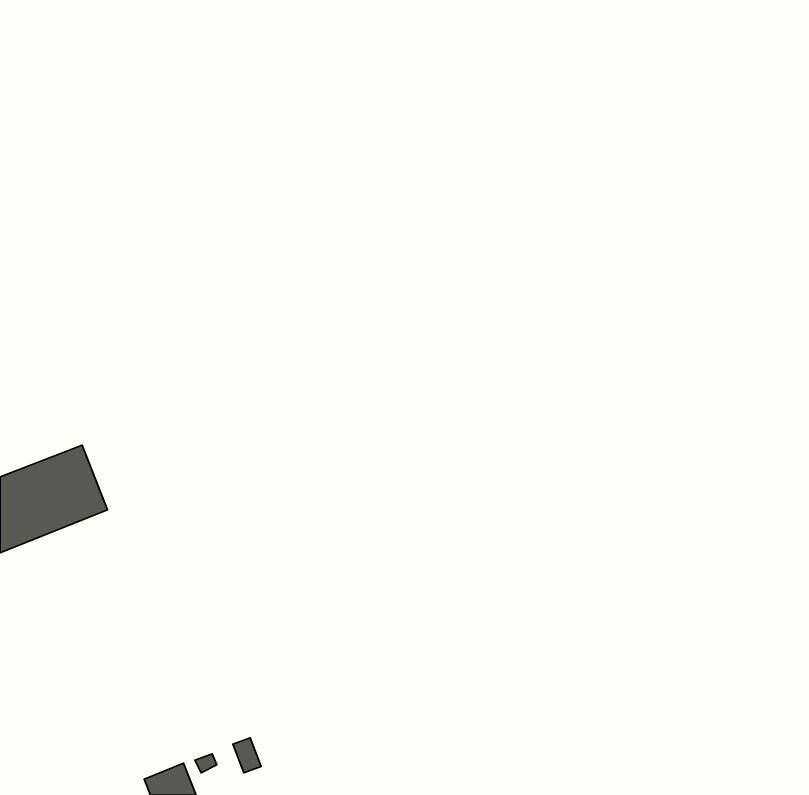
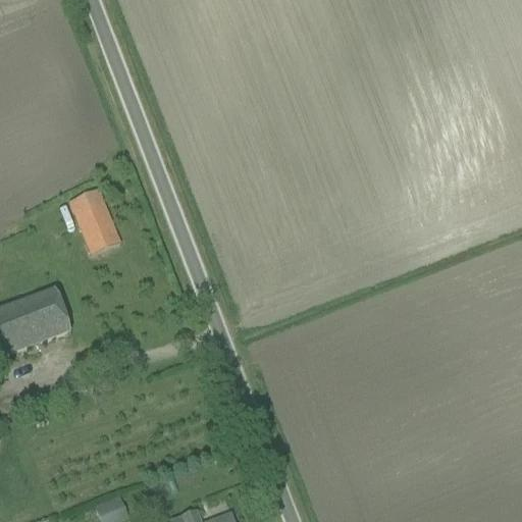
building: none -> [69,187,118,252]

